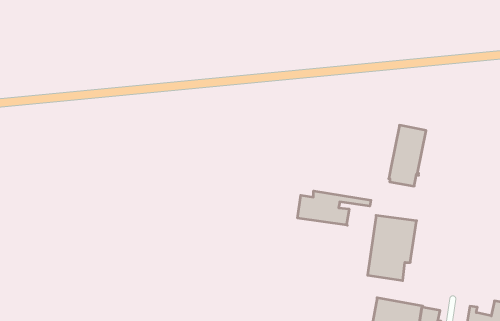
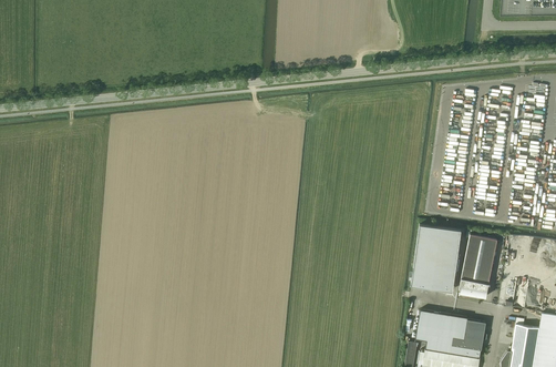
building: [389,125,426,186] -> [459,234,497,297]
building: [298,191,371,225] -> none

